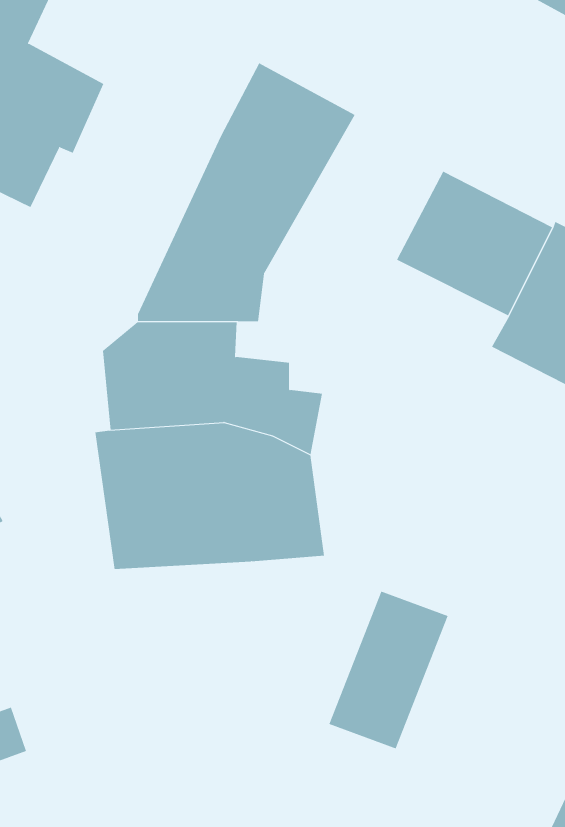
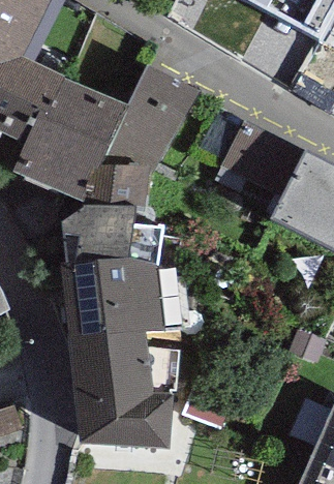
building: none -> [12,74,125,198]
building: none -> [68,330,170,446]

